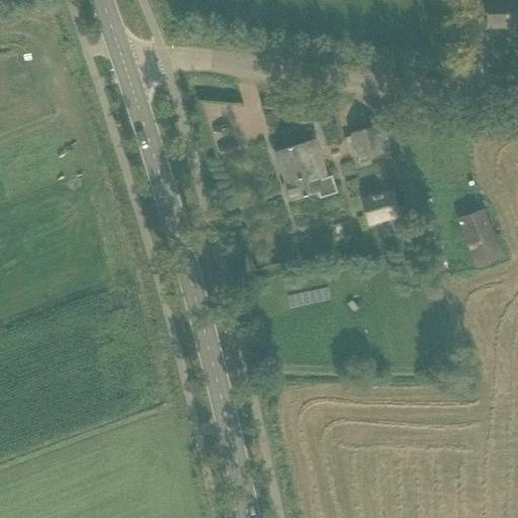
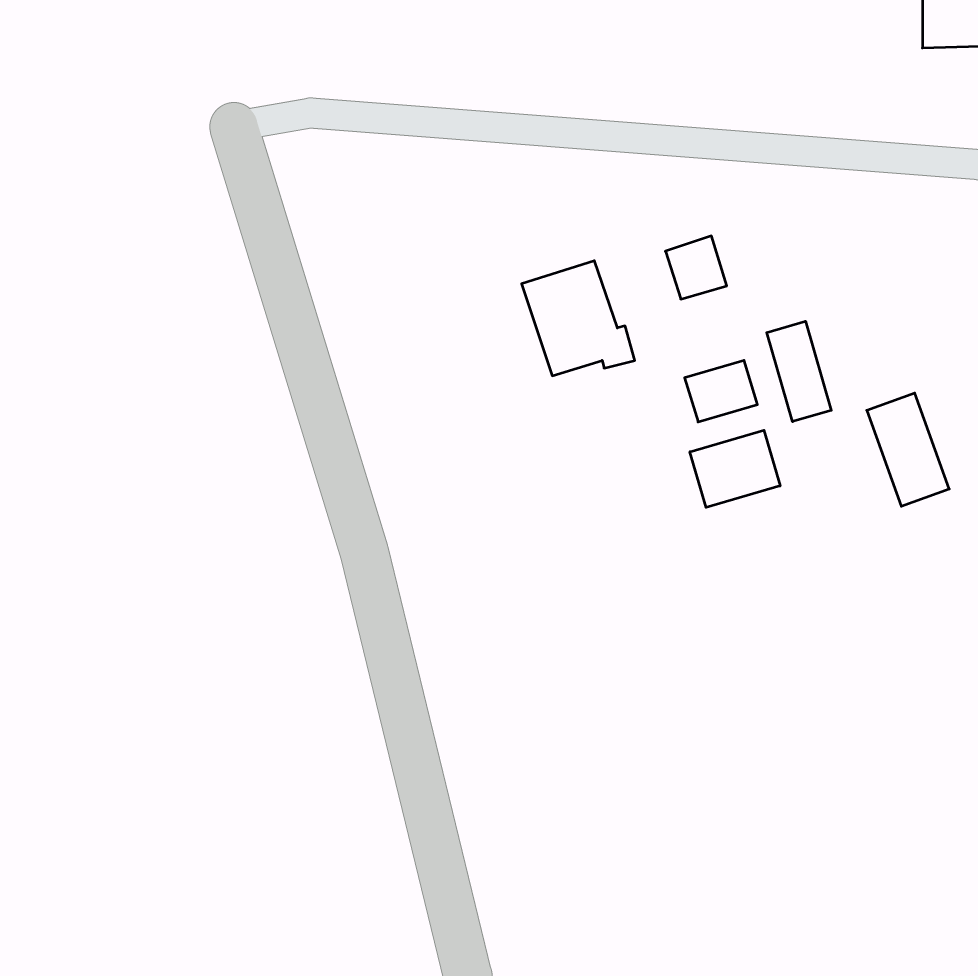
building: none -> [767,321,831,422]
building: none -> [690,430,780,507]

